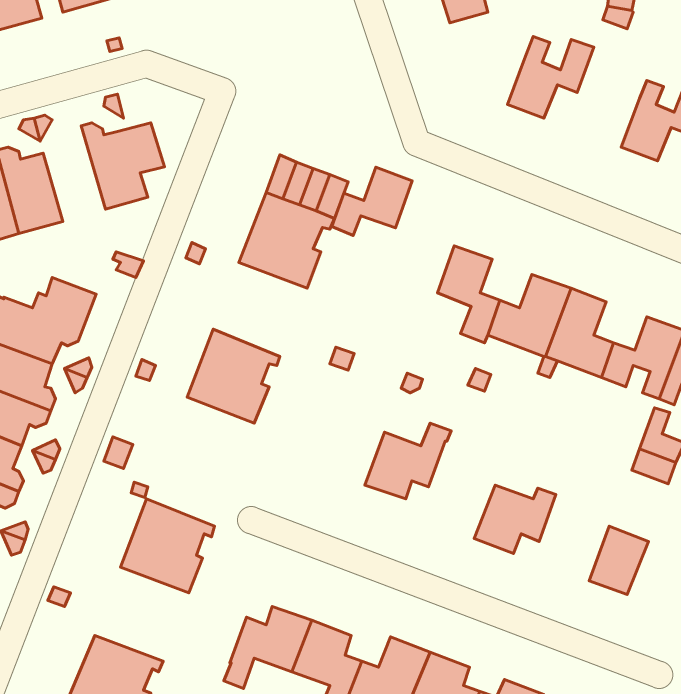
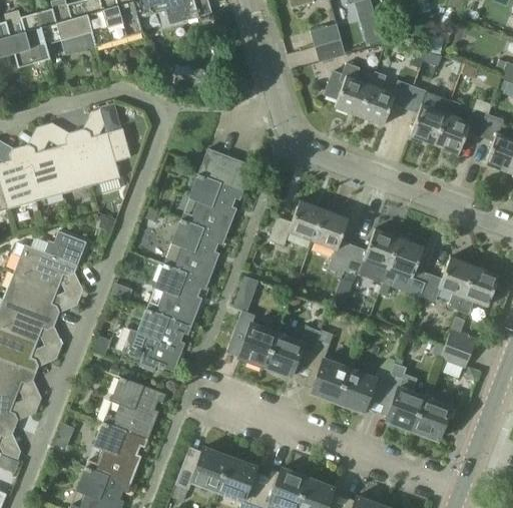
building: none -> [323,62,370,116]
building: none -> [404,78,445,144]
building: none -> [51,130,92,193]
building: [332,167,412,235] -> [270,200,323,245]
building: none -> [163,220,225,283]
building: none -> [123,310,190,372]
building: none -> [230,311,277,368]
building: none -> [306,339,350,403]
building: none -> [379,363,425,431]
building: none -> [85,422,147,484]

